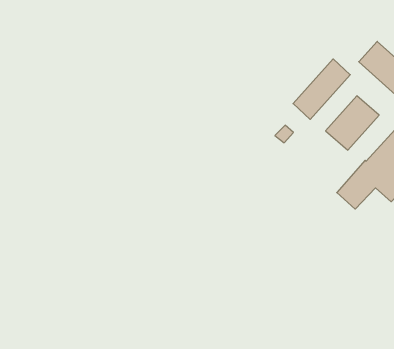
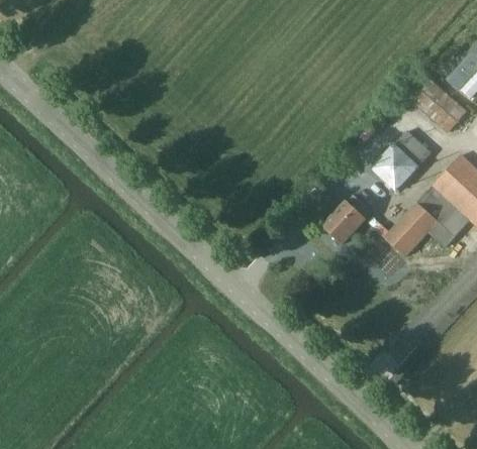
building: [293,59,350,119] -> none
building: none -> [321,197,365,244]

